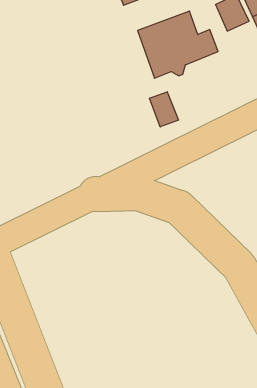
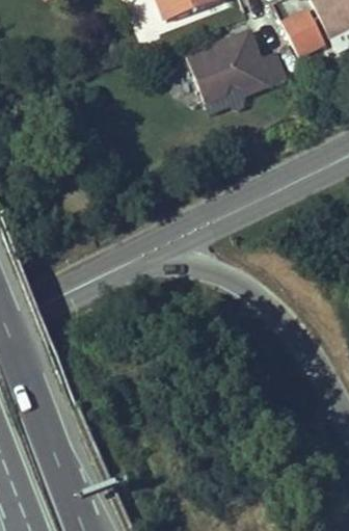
building: [150,92,178,127] -> none

